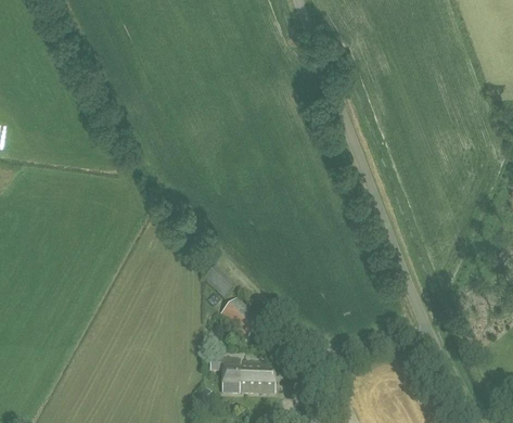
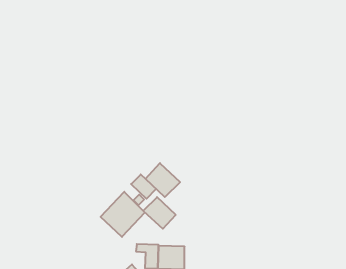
building: none -> [145,163,180,197]
building: none -> [101,192,145,237]

